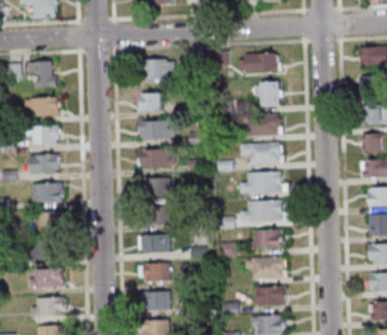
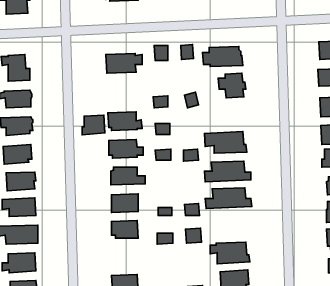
building: [138,92,162,112] -> [82,115,105,135]
building: [243,112,283,136] -> none
building: [251,229,284,249] -> none
building: [142,263,170,281] -> none

